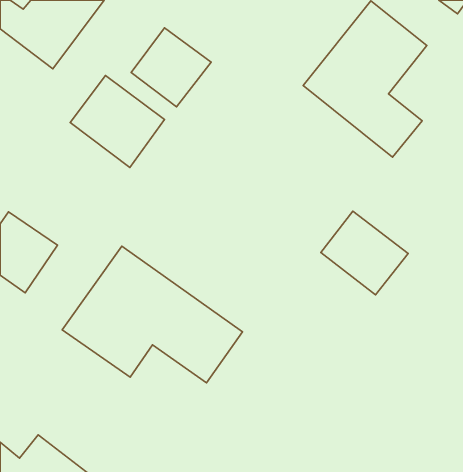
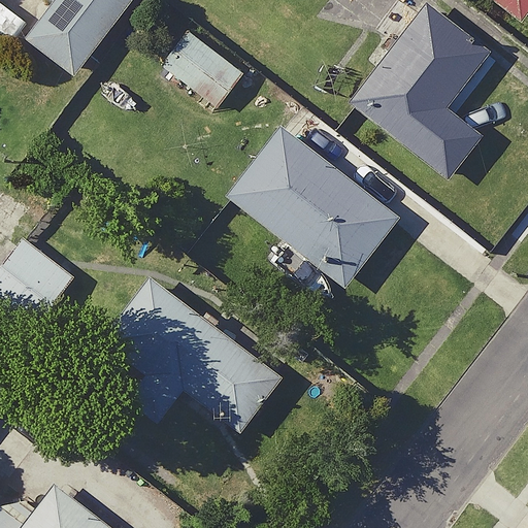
building: [70,75,165,167] -> none
building: none -> [231,128,398,285]
building: [321,211,408,295] -> none

